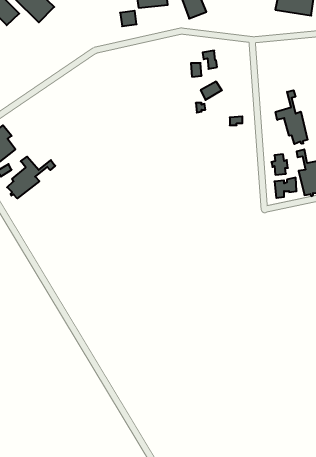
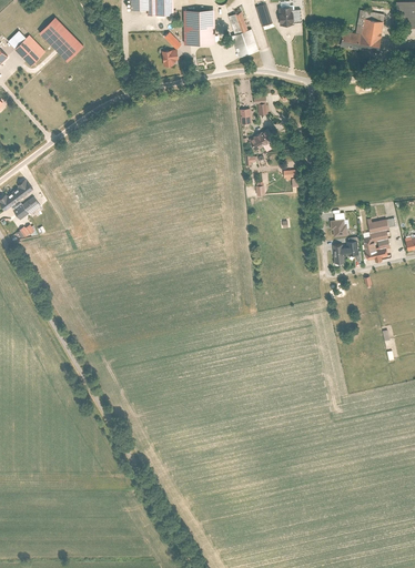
building: [276,90,308,144] -> none
building: [7,157,55,198] -> none

